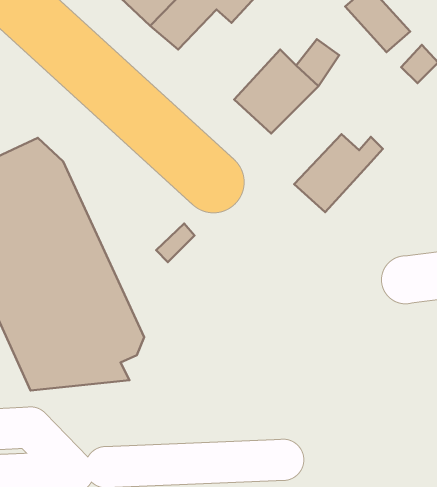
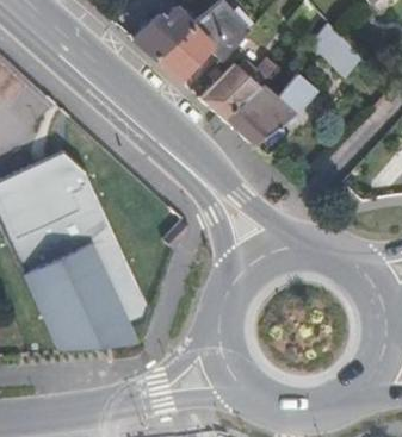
building: [294,134,383,212] -> [194,51,266,114]

